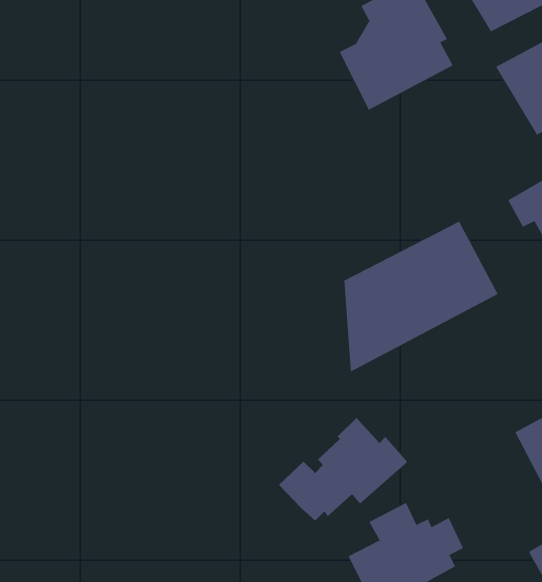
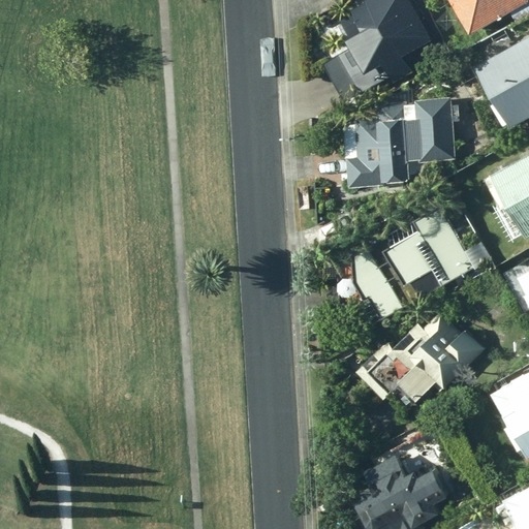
building: none -> [347,98,457,186]
building: [278,417,408,522] -> [370,310,487,404]

